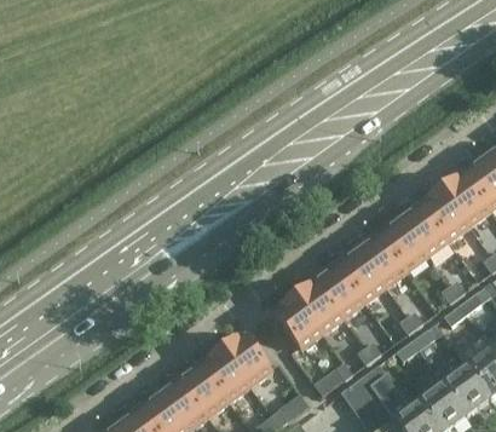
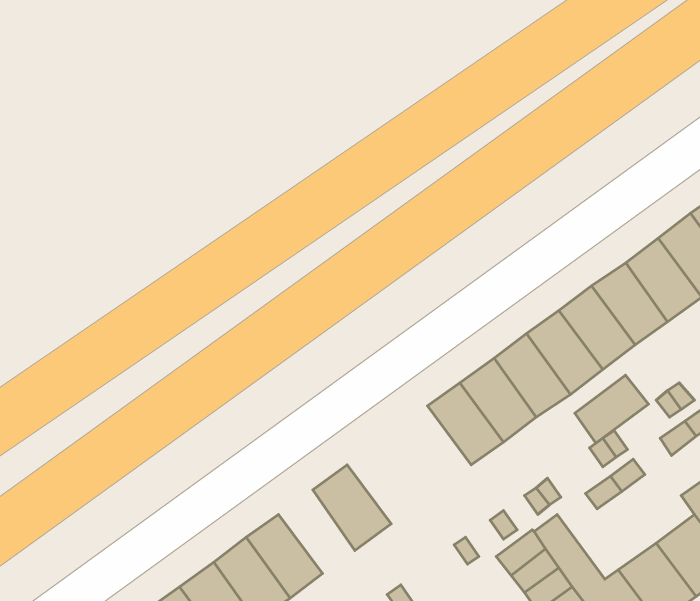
building: none -> [575,375,649,443]
building: [273,294,323,349] -> none
building: [201,347,249,401] -> none

